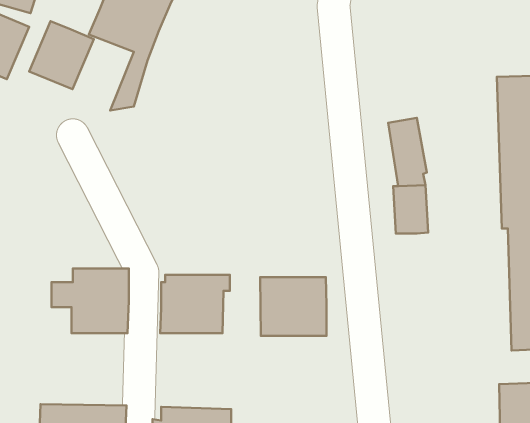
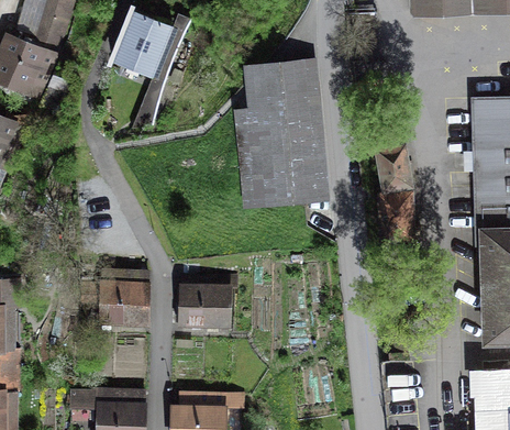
building: [29,21,94,89] -> none
building: none -> [235,59,330,209]
building: [260,277,327,336] -> none

